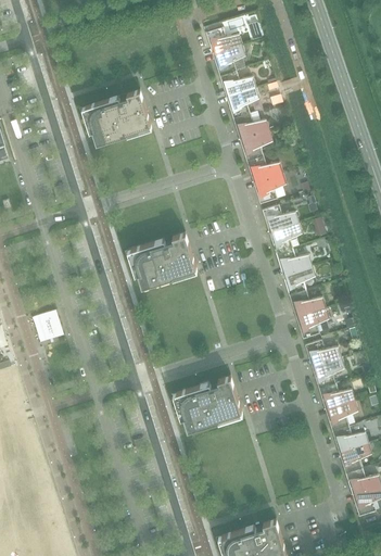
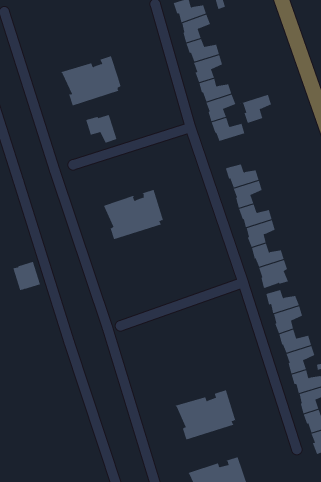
building: none -> [85,111,117,143]
building: [252,173,287,205] -> [239,94,272,125]
building: [176,376,242,430] -> [175,389,237,440]

